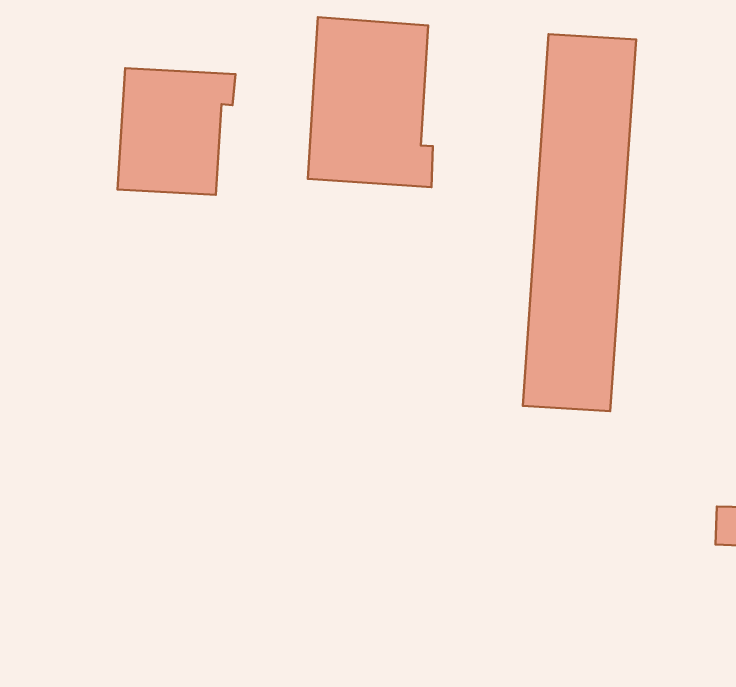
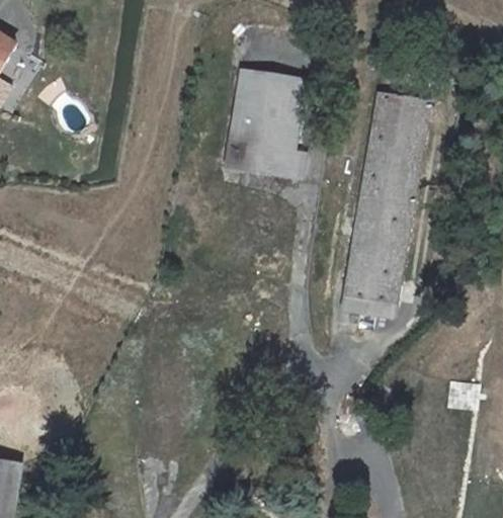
building: [117,68,236,195] -> none

